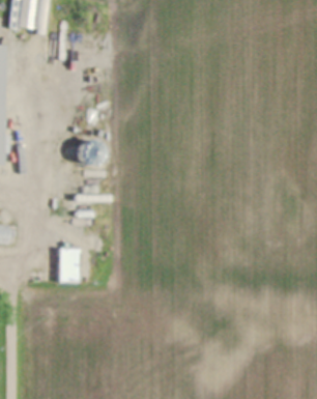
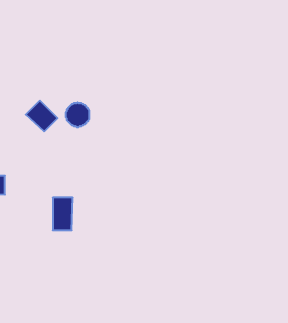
building: none -> [26,101,57,131]

